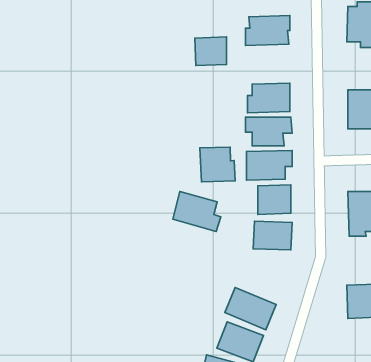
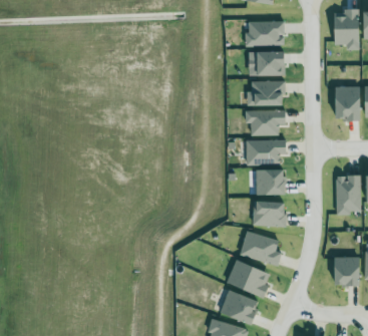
building: [195,37,227,66] -> [257,51,285,76]
building: [200,147,235,182] -> none
building: [173,192,221,232] -> [240,231,282,266]

